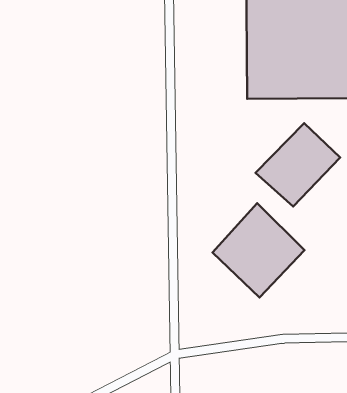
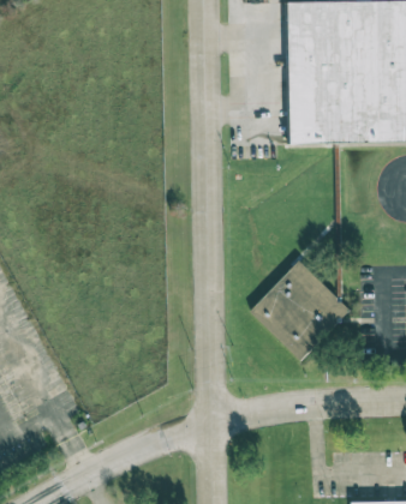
building: [255,123,340,207] -> none

